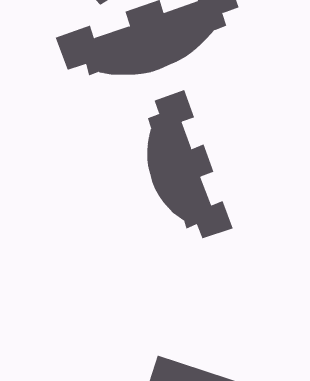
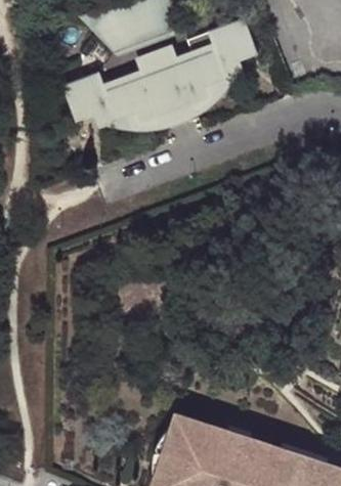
building: [147,89,233,239] -> none

